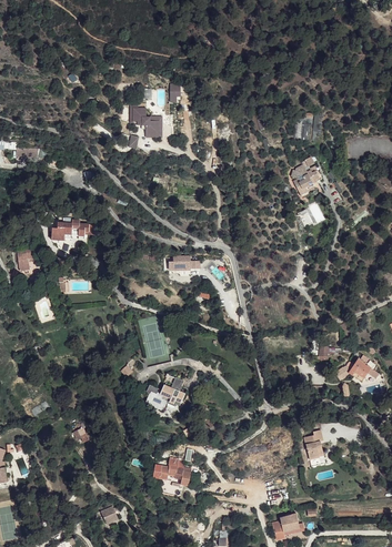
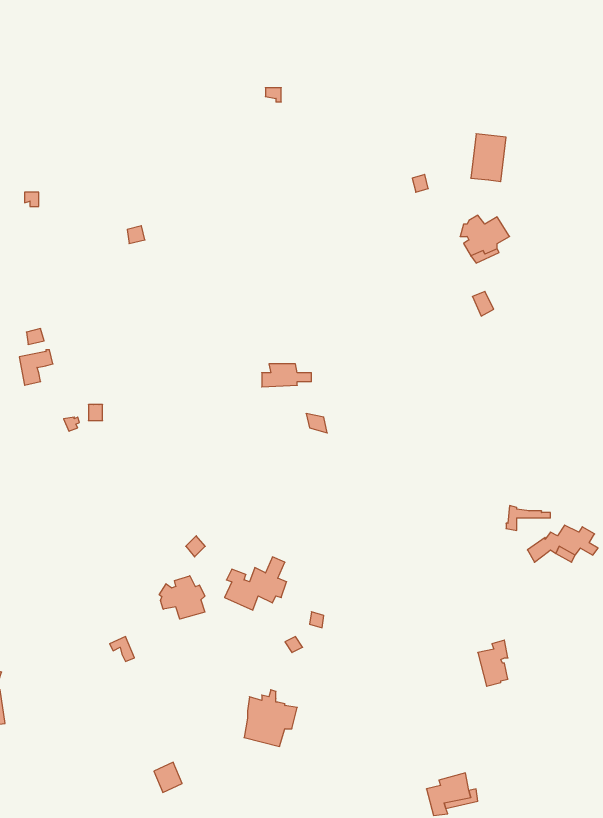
building: [132,108,159,136] -> none
building: [52,220,96,237] -> none
building: none -> [159,576,205,619]

